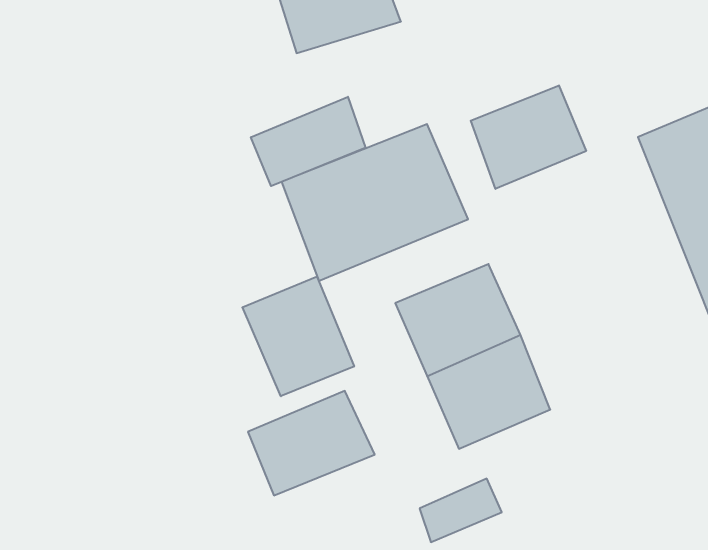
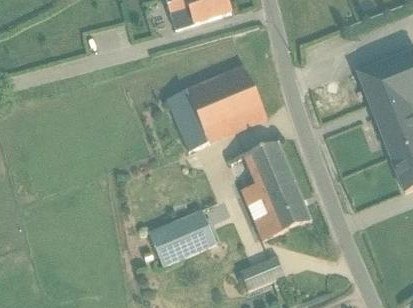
building: [471,85,586,189] -> none
building: [251,97,366,186] -> none
building: [242,276,354,396] -> none

